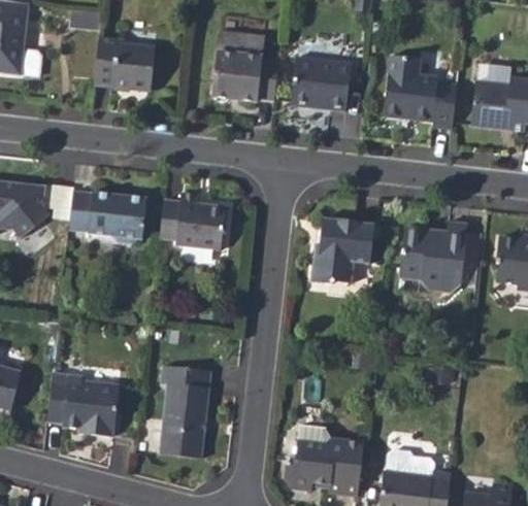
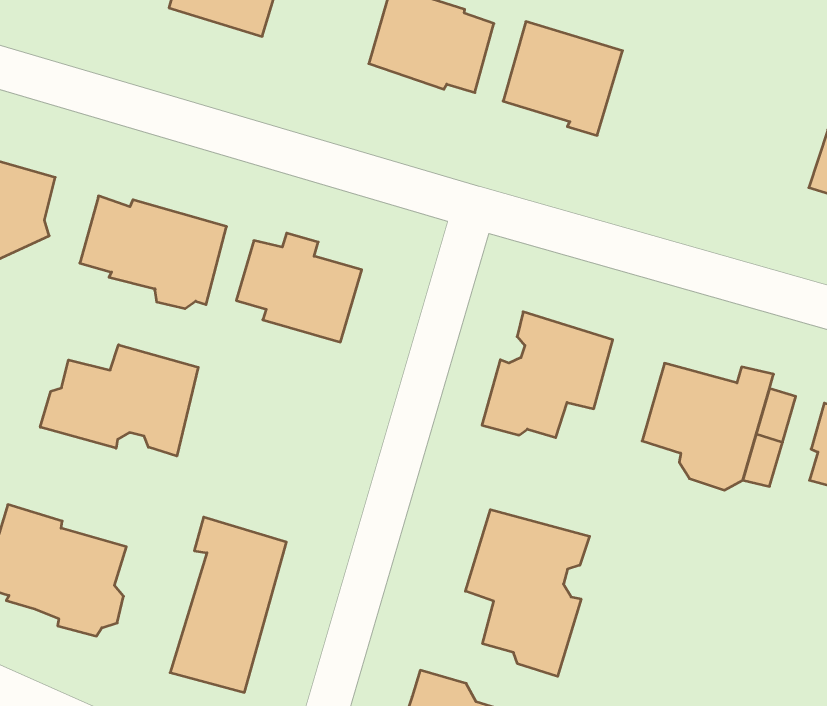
building: [384,53,457,127] -> none
building: none -> [40,345,198,456]
building: none -> [465,510,590,676]

